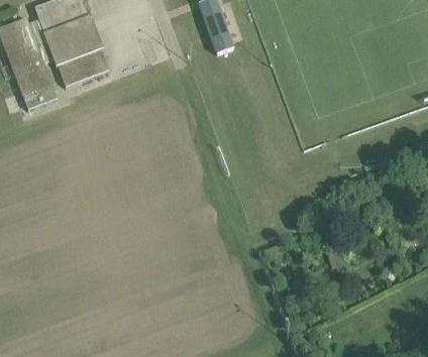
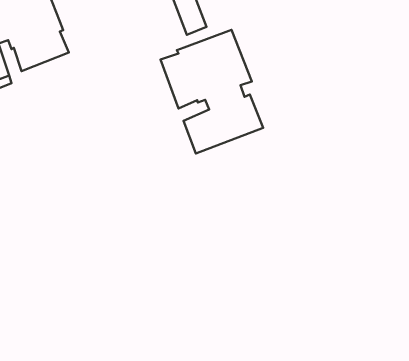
building: none -> [160,30,263,154]

